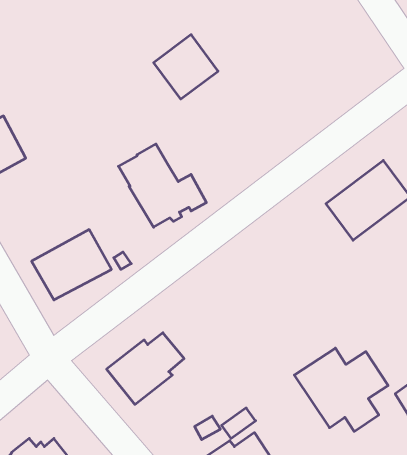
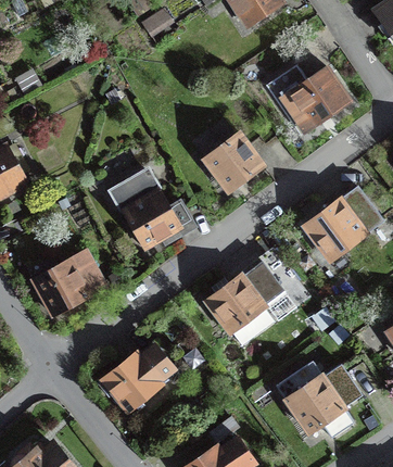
building: none -> [265,66,348,136]
building: [154,35,218,99] -> [203,132,263,192]
building: none -> [204,251,308,345]

